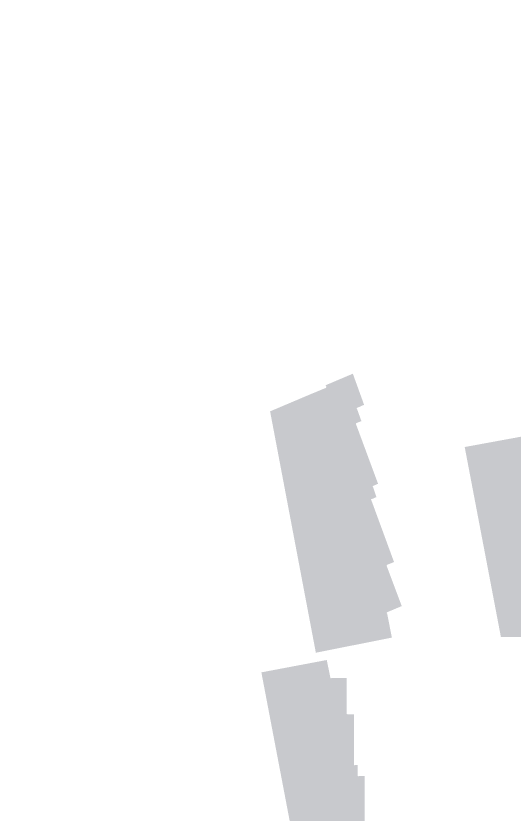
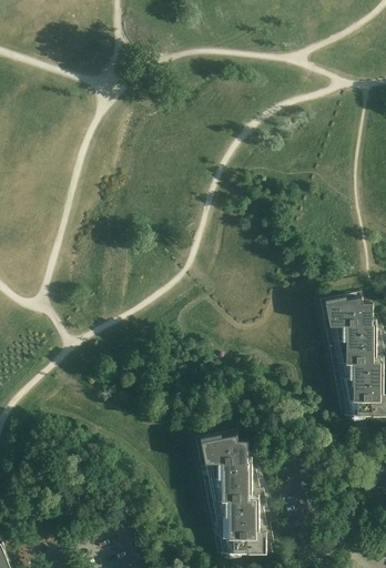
building: [269,373,402,653] -> none

